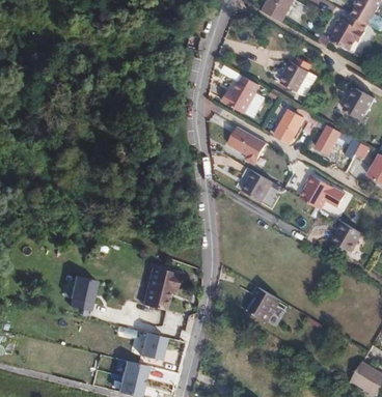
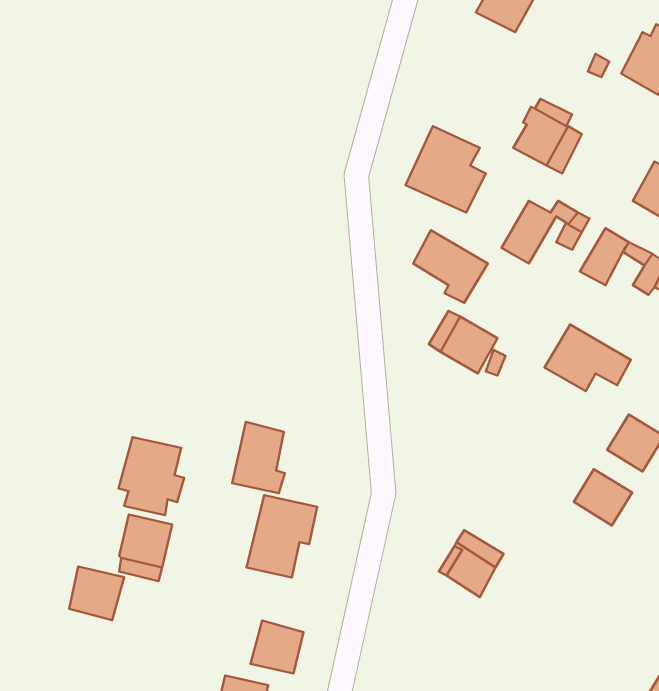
building: none -> [232,422,285,493]
building: none -> [119,437,184,515]
building: none -> [574,469,632,525]
building: none -> [69,567,124,620]

